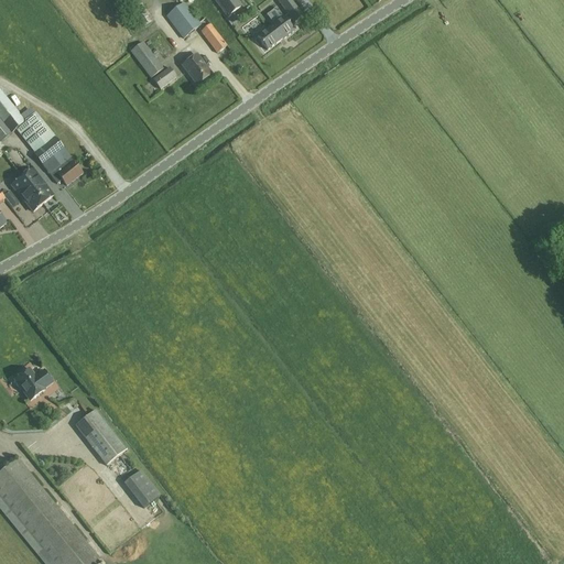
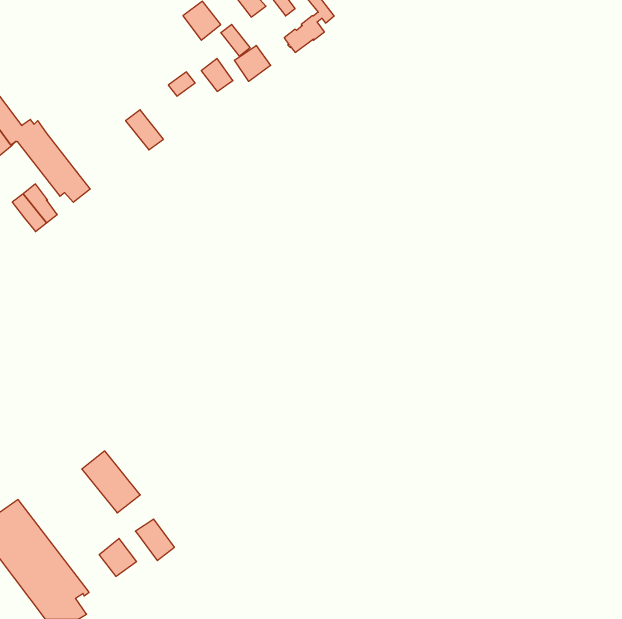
building: [129,40,163,76] -> [126,110,163,150]
building: none -> [234,45,271,81]
building: [13,367,51,399] -> none
building: none -> [99,538,136,576]

